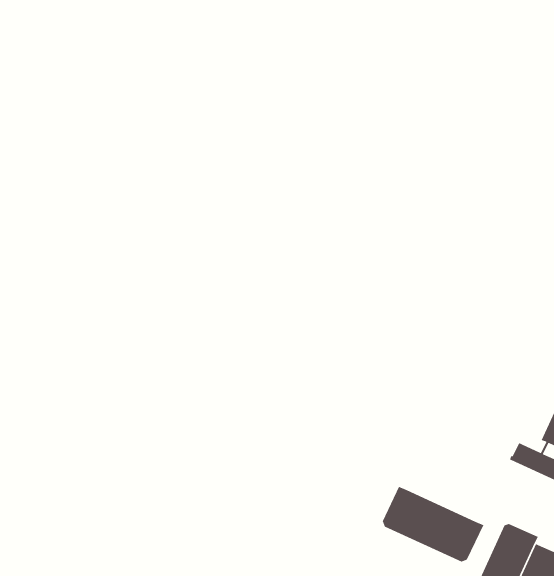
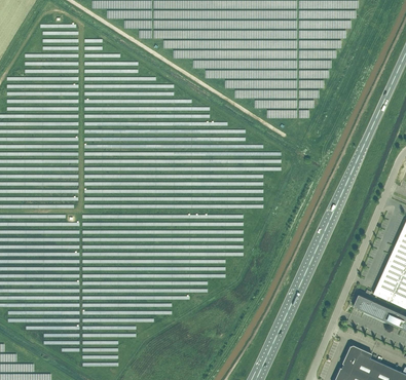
building: [382,486,484,563] -> none

